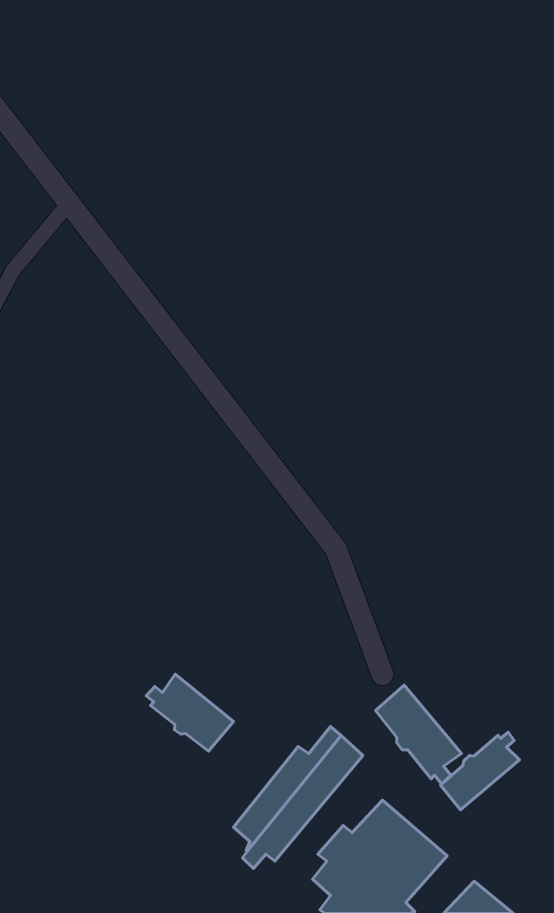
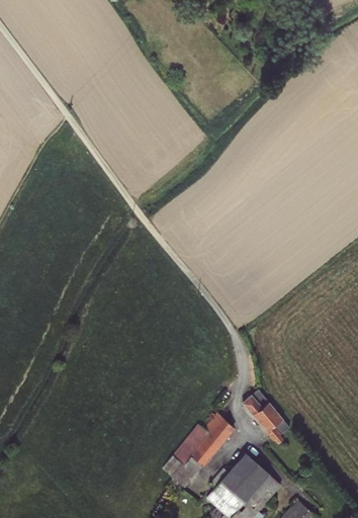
building: [146,674,233,751] -> none
building: [440,732,520,810] -> none

